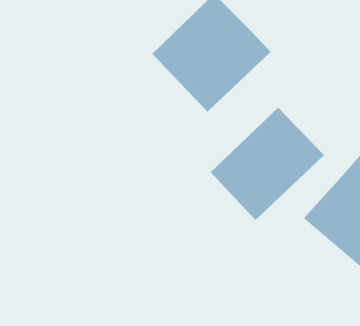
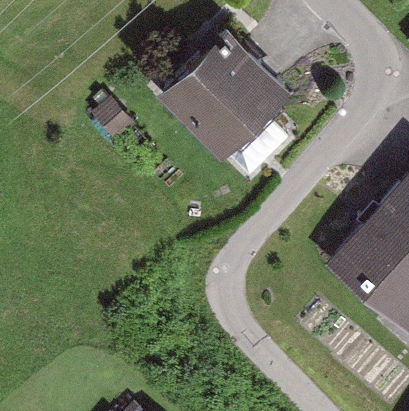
building: [210,107,325,221] -> none

